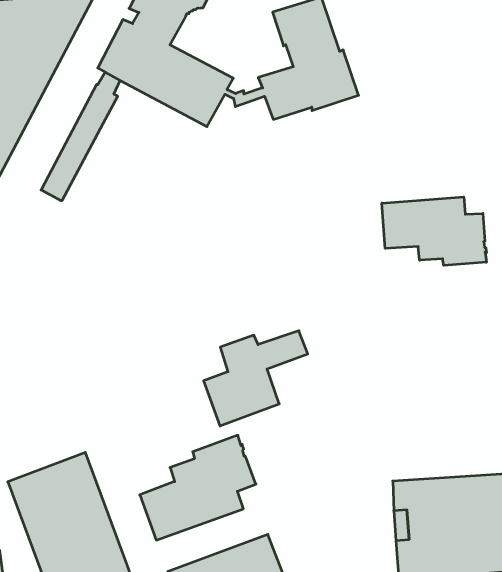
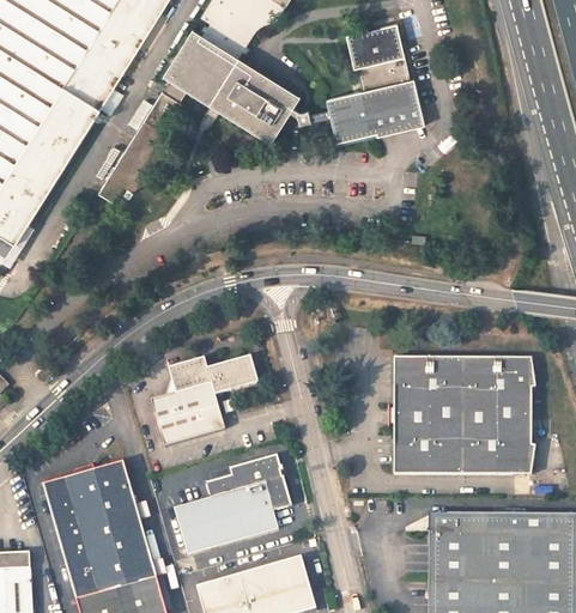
building: [382,197,486,265] -> none
building: none -> [389,358,538,475]
building: [204,331,308,426] -> [151,357,257,447]

